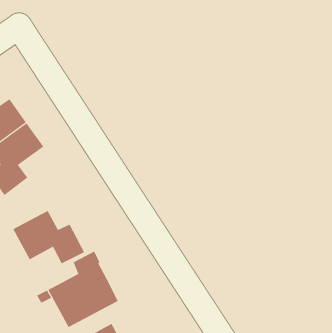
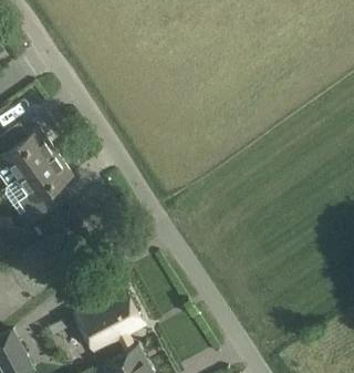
building: [13,210,85,264] -> none

